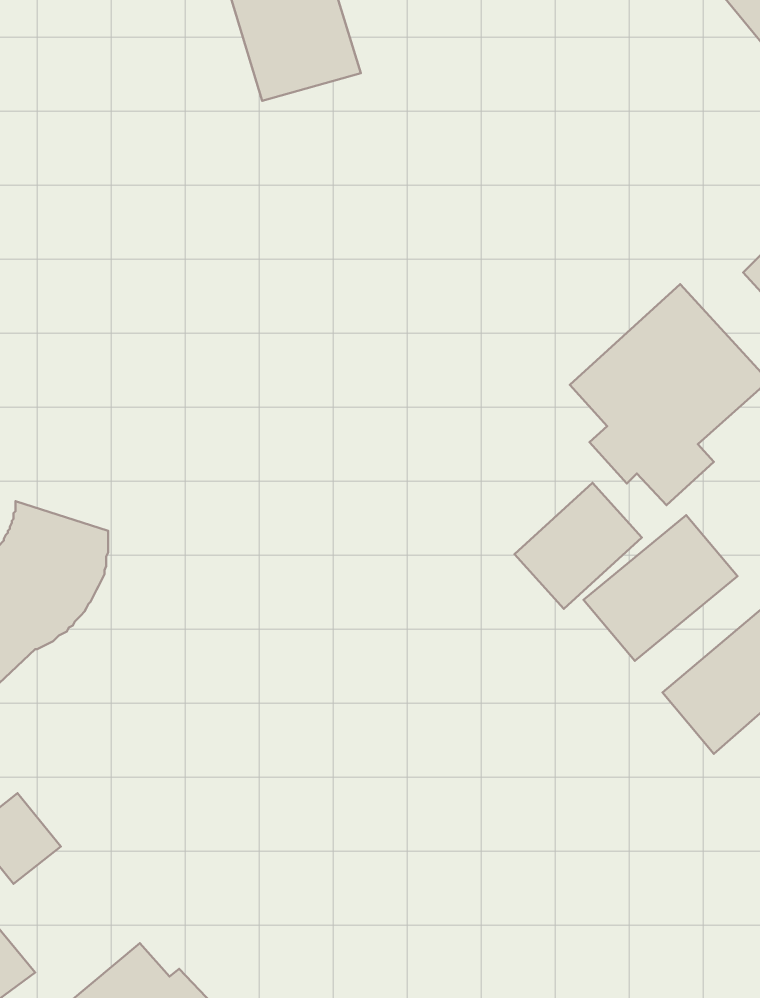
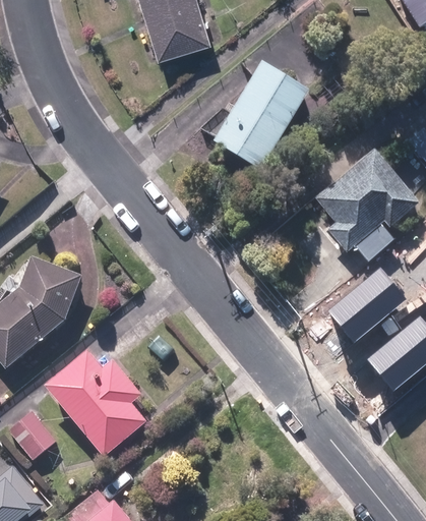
building: none -> [215,60,309,169]
building: [514,483,642,609] -> none
building: none -> [44,350,146,458]

